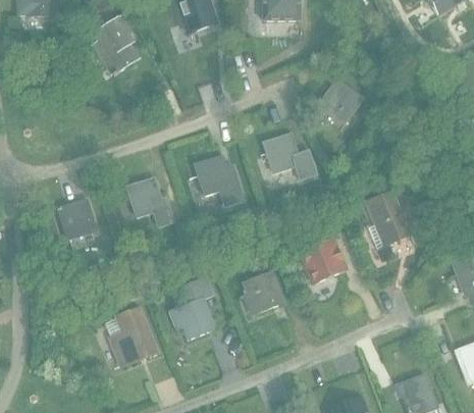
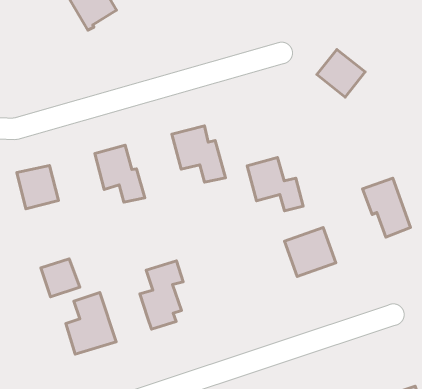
building: [264,133,316,179] -> [247,158,303,211]
building: [243,270,283,311] -> none
building: none -> [41,259,80,297]

